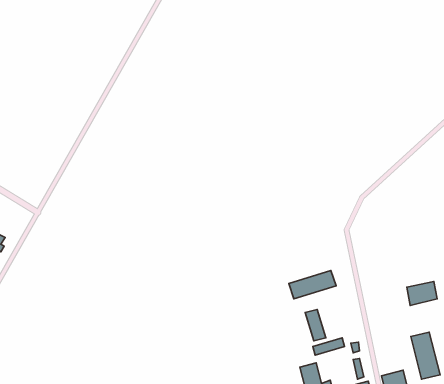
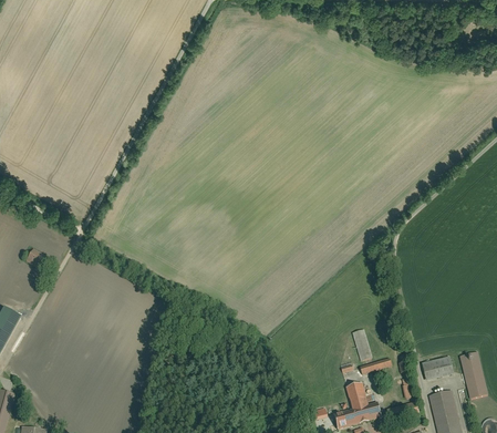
building: [289,271,336,299] -> none
building: [407,282,437,306] -> [423,357,454,381]

